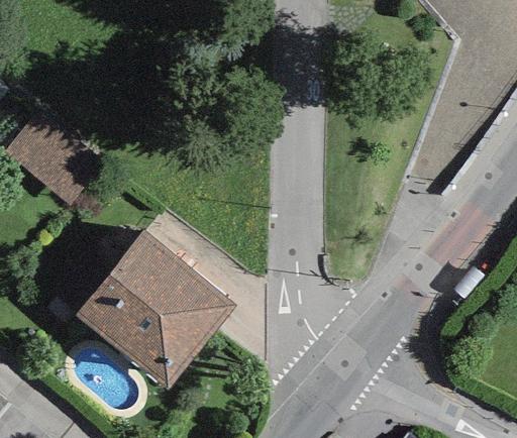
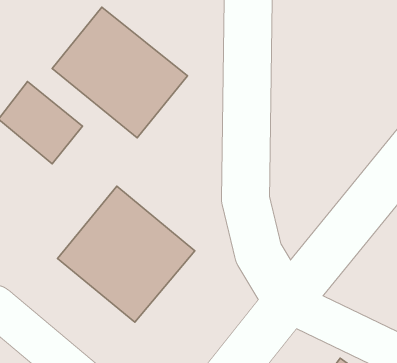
building: none -> [52,7,188,138]

